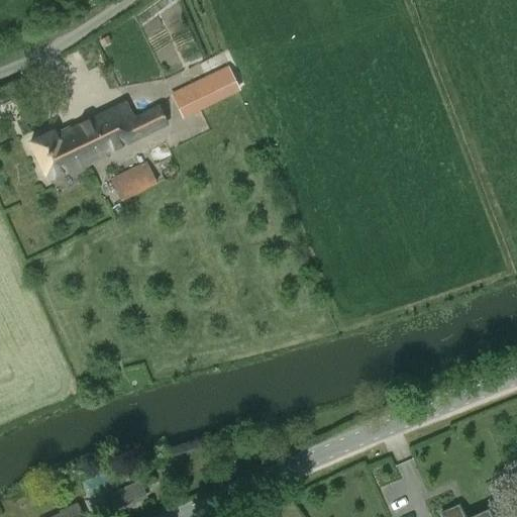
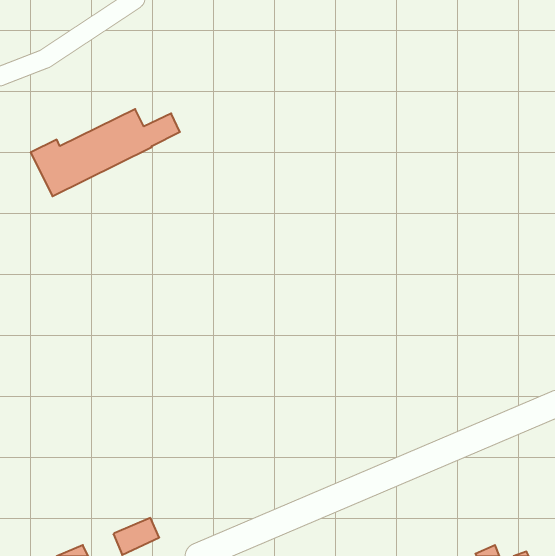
building: [173,67,240,117] -> none
building: [111,160,160,201] -> none

